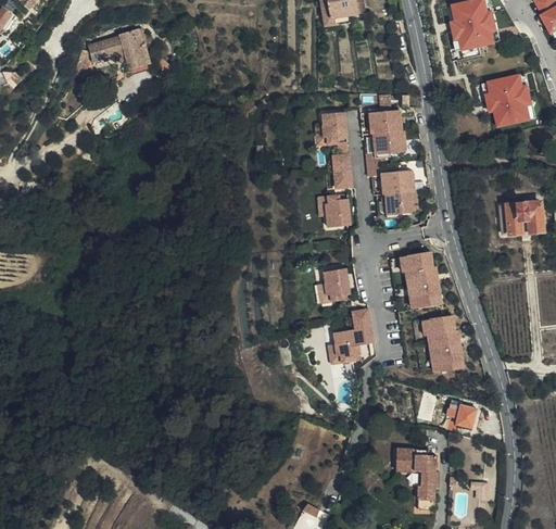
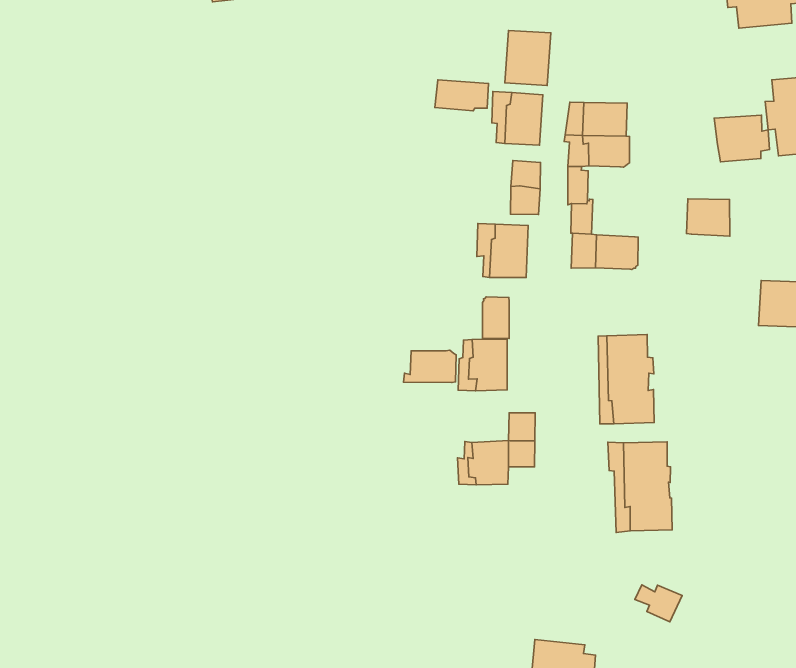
building: none -> [505,30,551,85]
building: none -> [714,115,769,162]
building: none -> [435,80,488,111]
building: [387,167,416,192] -> [686,199,730,236]
building: none -> [482,297,509,338]
building: none -> [404,350,456,382]

